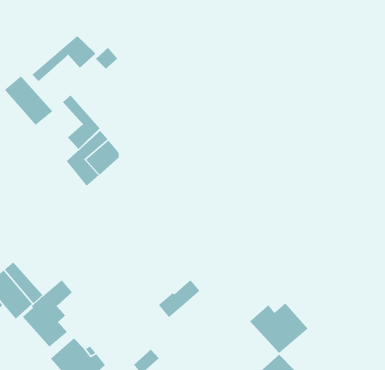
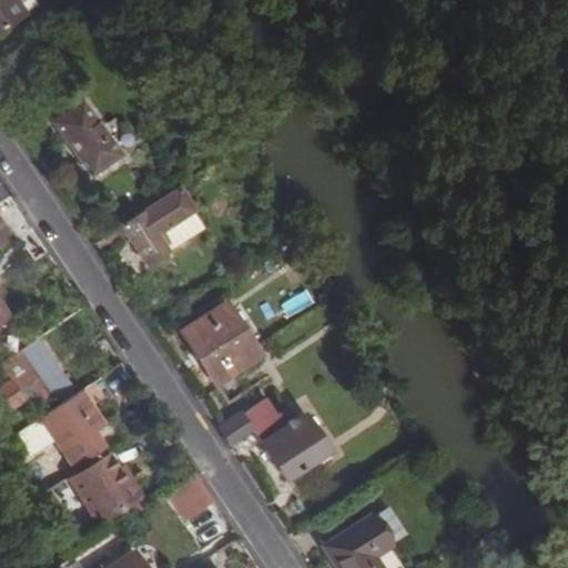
building: [32,35,97,82] -> none
building: [62,94,100,150] -> none
building: none -> [184,306,256,382]
building: [249,303,309,354] -> [255,413,331,479]

